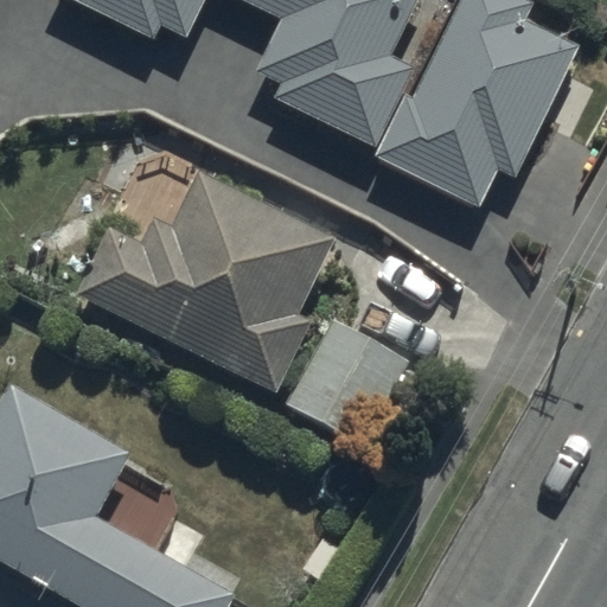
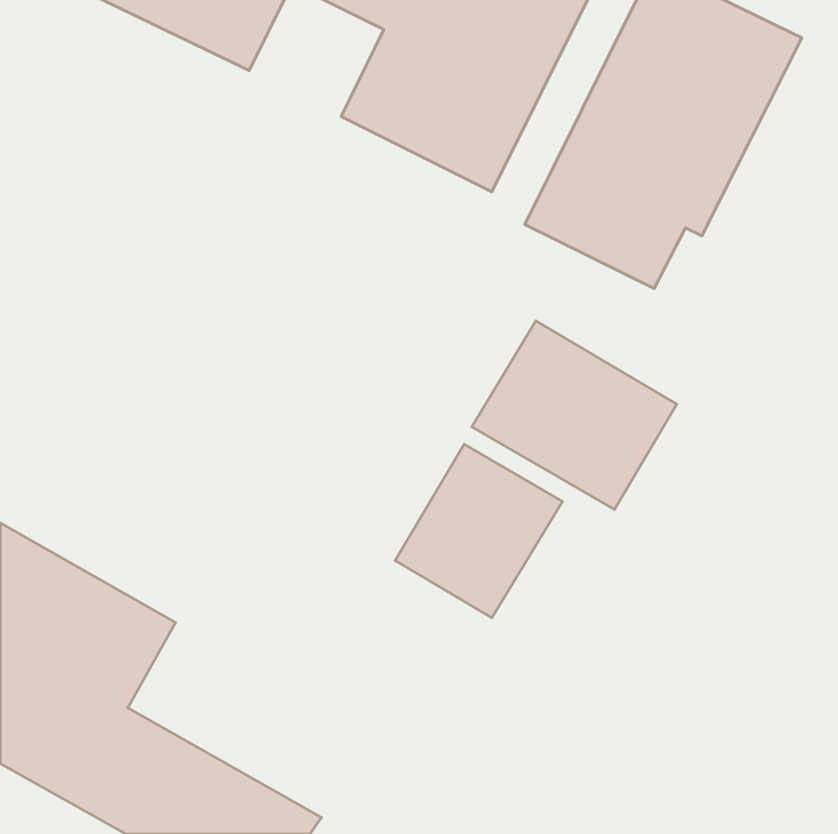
building: [72,177,340,386] -> none
building: none -> [472,321,677,509]

